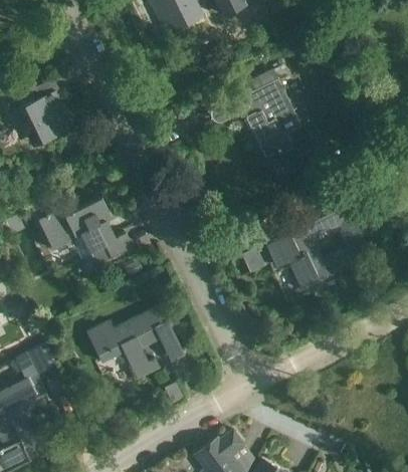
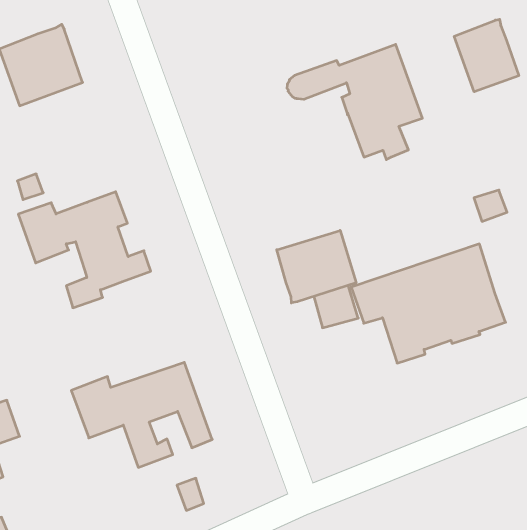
building: none -> [454,19,519,92]
building: none -> [277,230,356,303]

